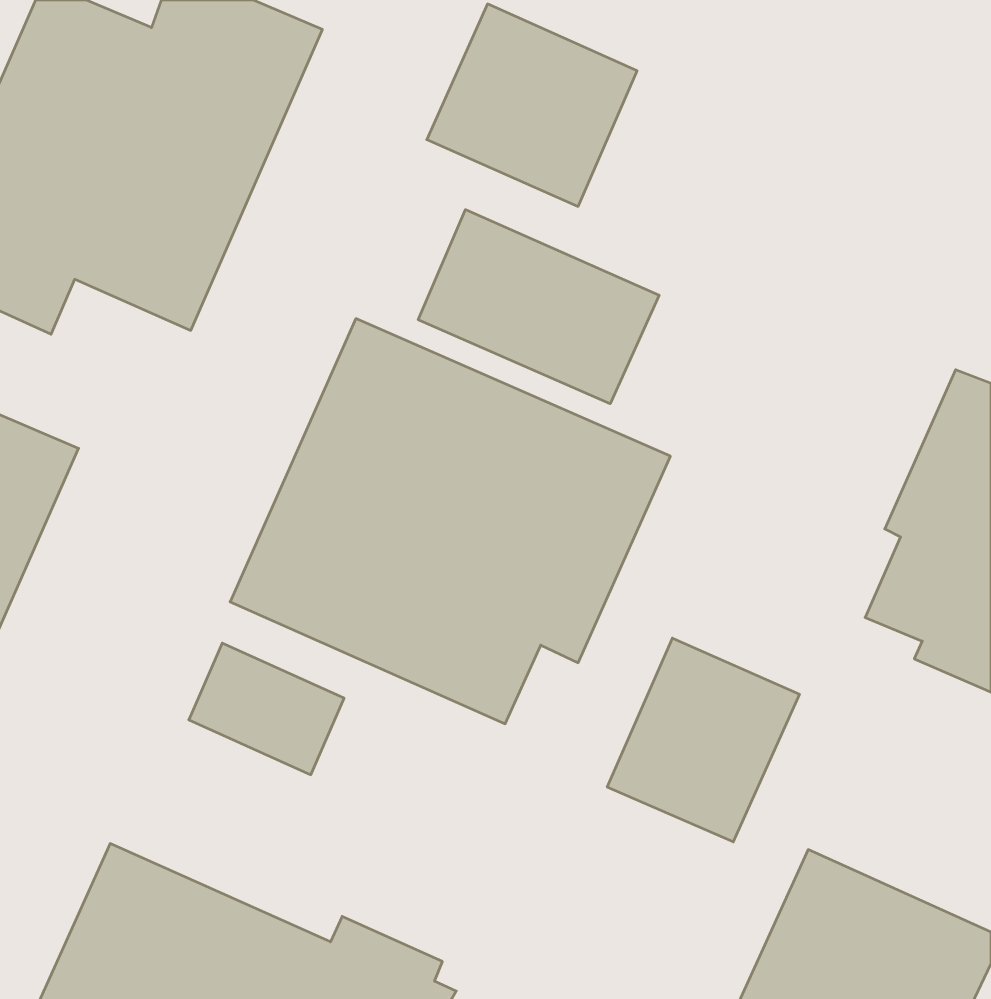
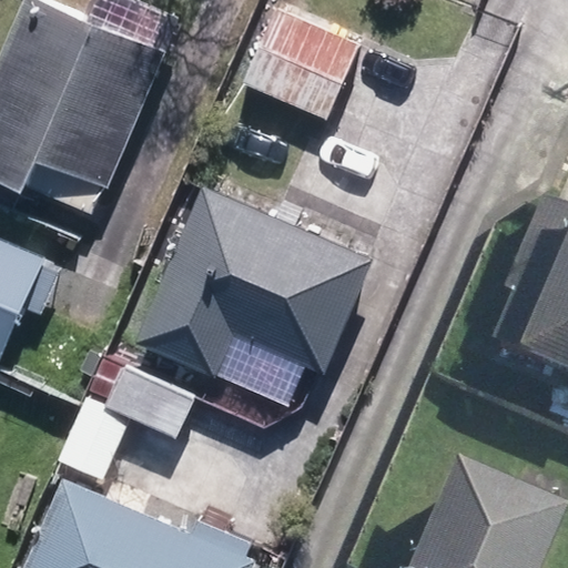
building: [418,210,659,404] -> none
building: [607,638,799,842] -> none

